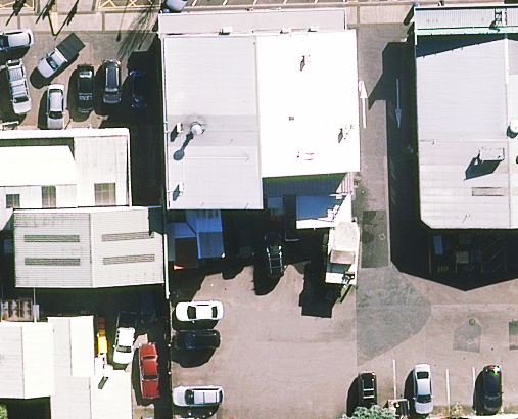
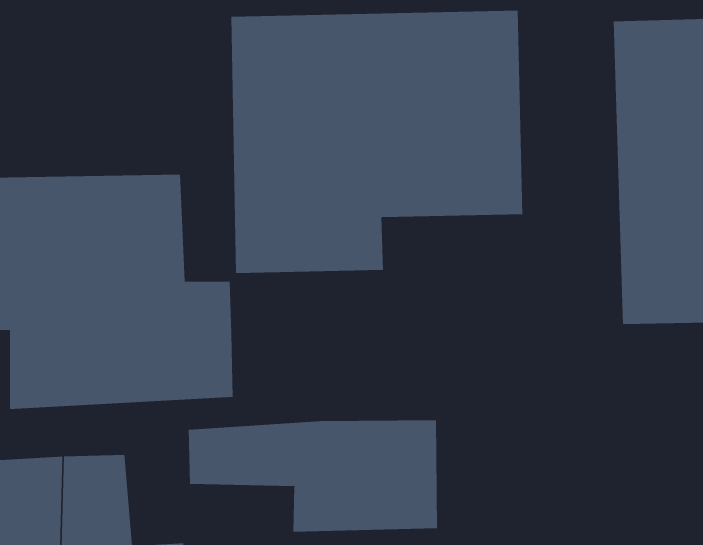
building: none -> [188,419,438,532]

